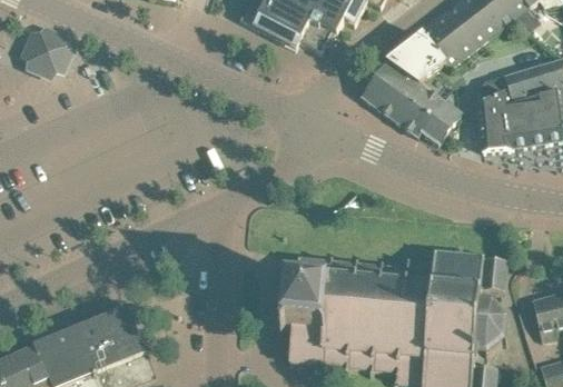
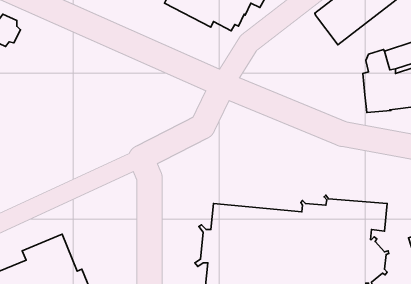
building: [362,33,460,143] -> none

